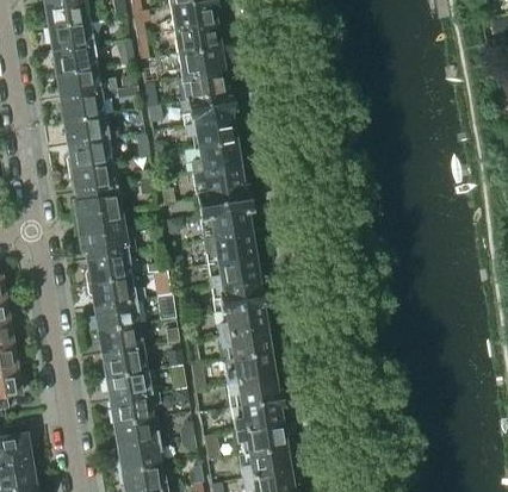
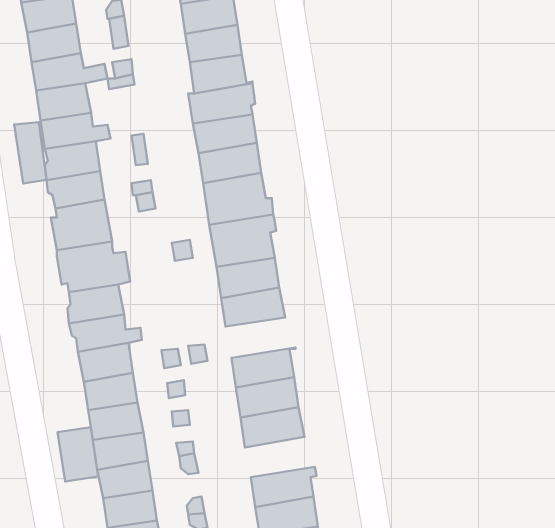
building: none -> [14,122,46,183]
building: [212,279,268,311] -> none
building: none -> [58,427,98,482]
building: [228,374,284,406] -> none

